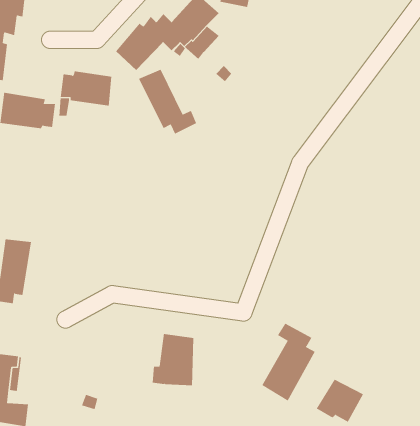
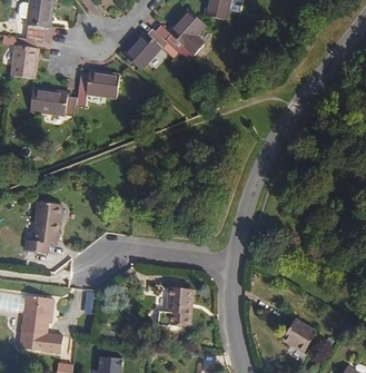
building: [138,69,197,135] -> none
building: [262,323,315,402] -> none

